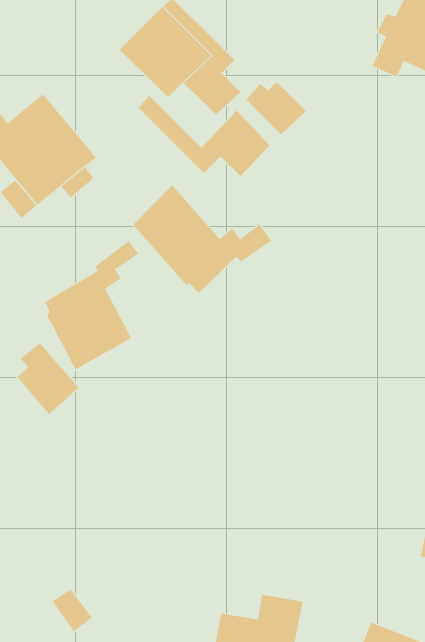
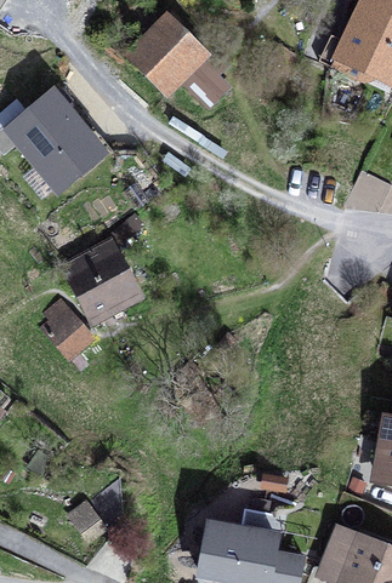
building: [246,82,307,135] -> none
building: [138,95,271,177] -> none
building: [133,184,272,294] -> none

